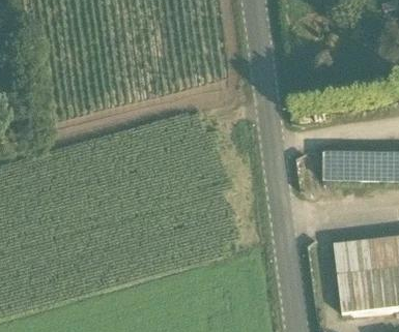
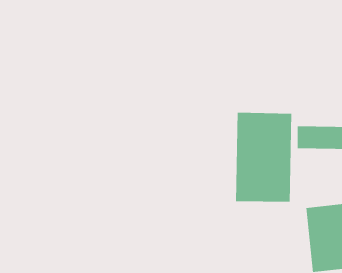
building: none -> [236,112,292,202]

